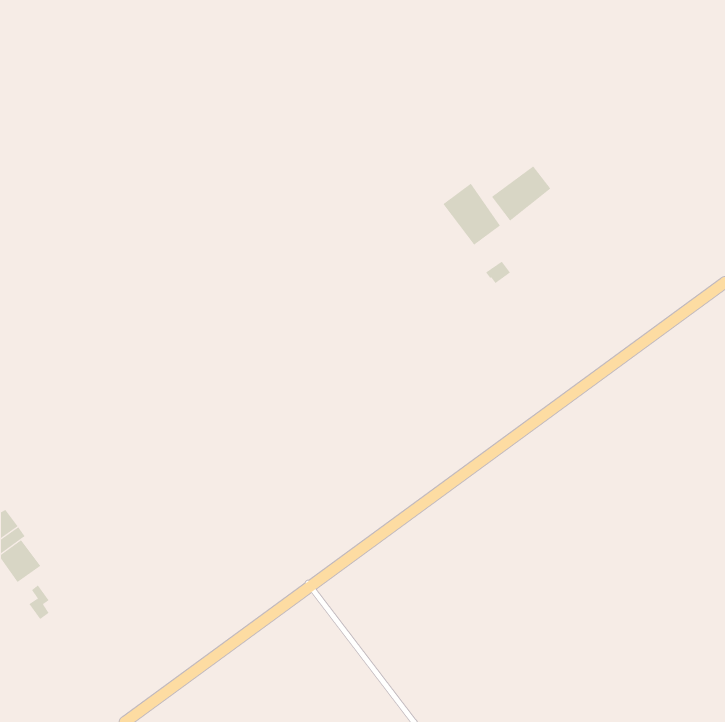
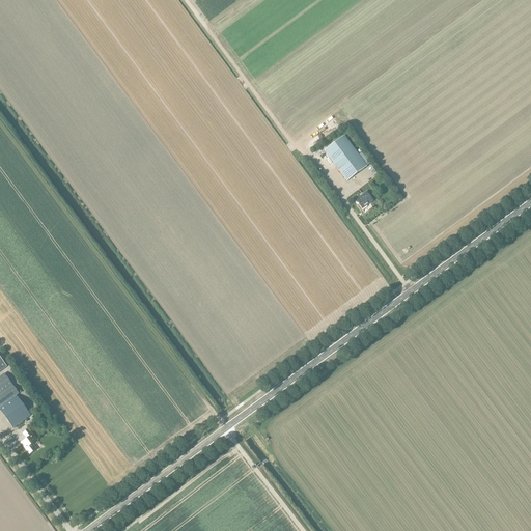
building: [491,165,551,222] -> none

